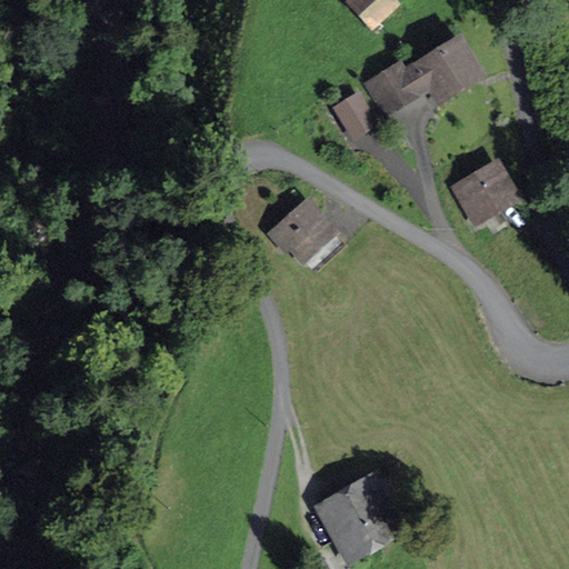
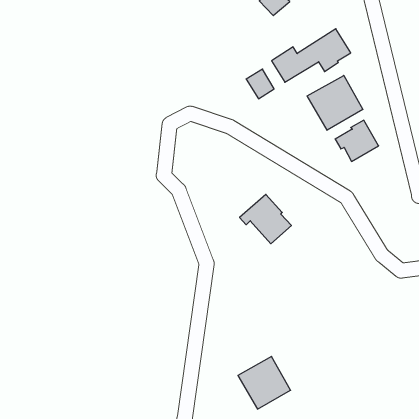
building: none -> [307,75,363,130]
building: [270,203,340,270] -> [240,194,291,244]

